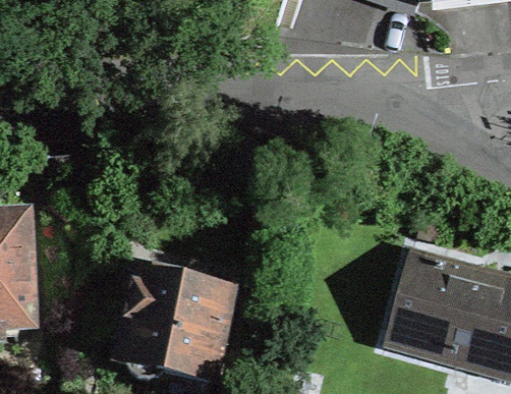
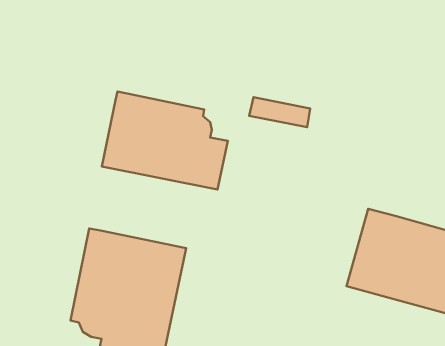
building: none -> [102,92,228,189]

